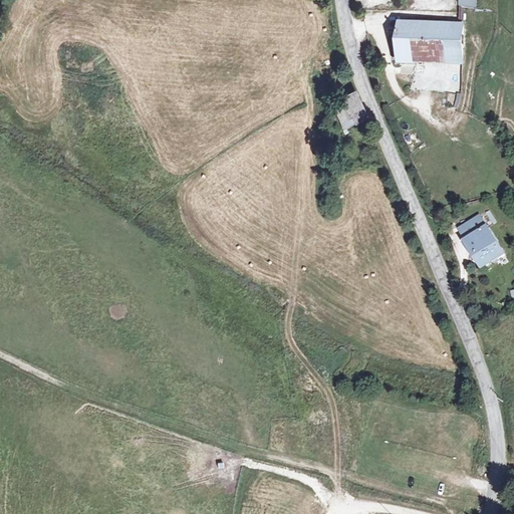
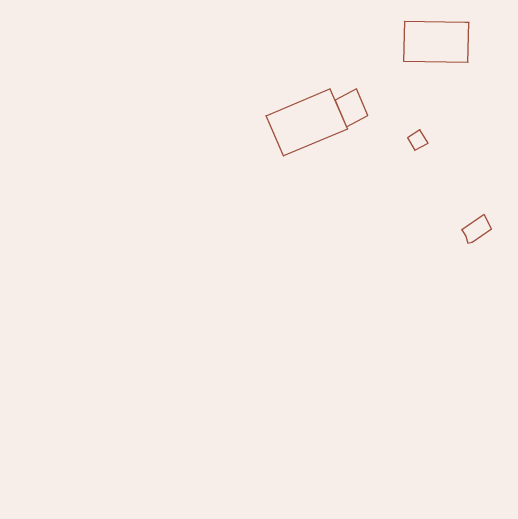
building: none -> [266,89,347,156]
building: [460,225,501,265] -> none

